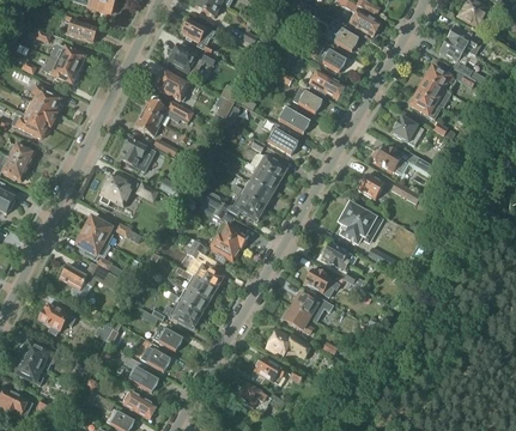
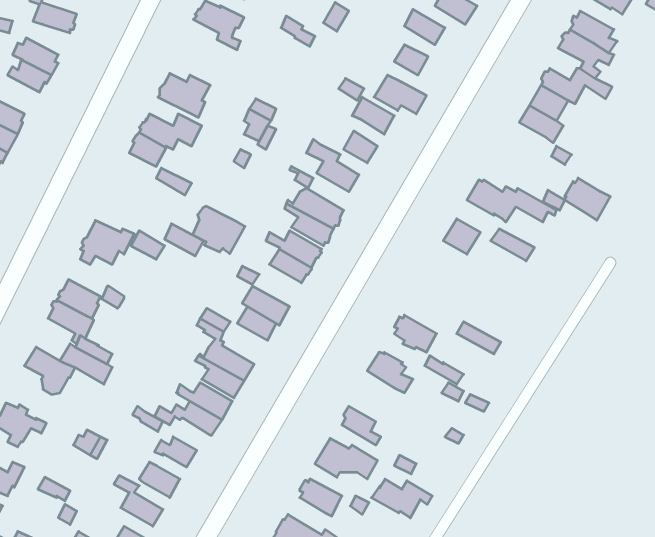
building: [168,45,218,75] -> none
building: [391,116,424,146] -> [565,178,610,220]
building: [119,139,156,172] -> [193,206,245,254]
building: [339,204,377,243] -> none
building: [290,293,333,321] -> [371,479,432,518]

